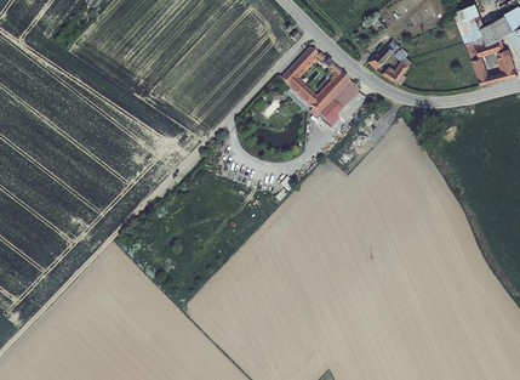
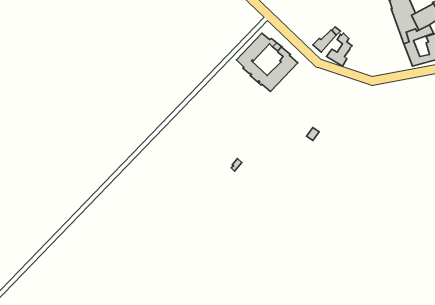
building: [320,81,361,126] -> none

